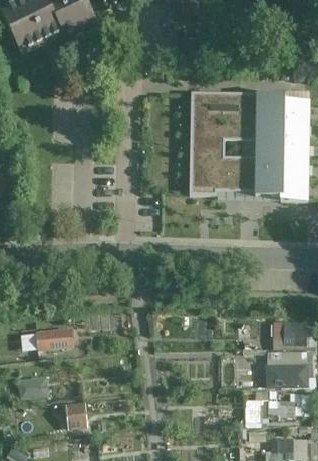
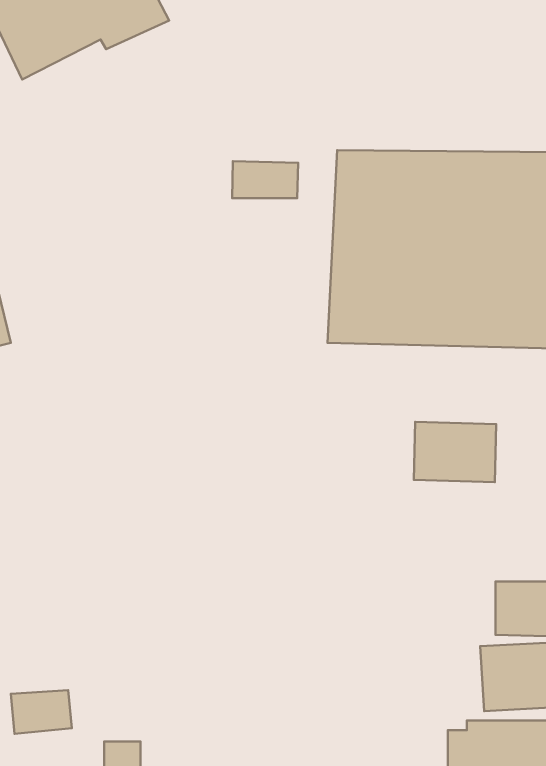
building: none -> [232,161,298,198]
building: none -> [414,422,496,482]
building: [34,327,76,350] -> none

